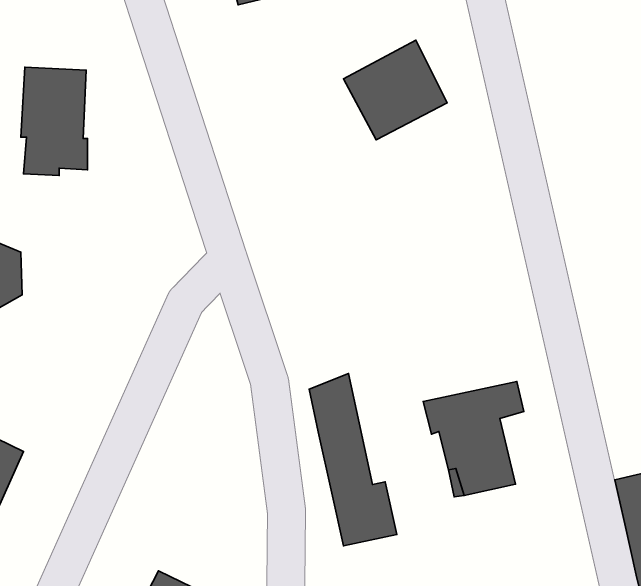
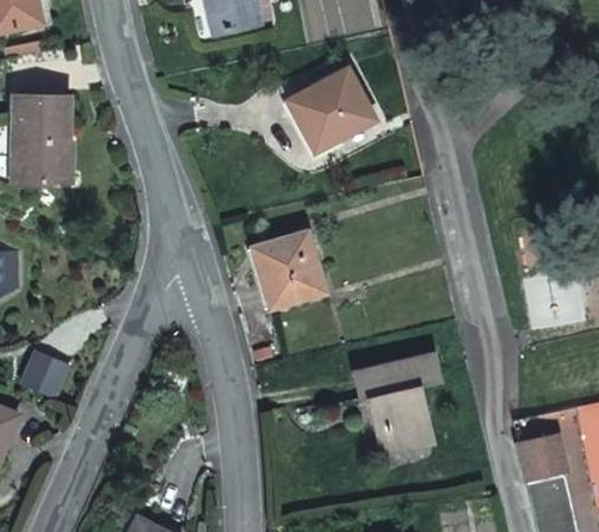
building: none -> [252,234,326,313]
building: none -> [20,348,68,396]
building: [309,373,397,546] -> none

